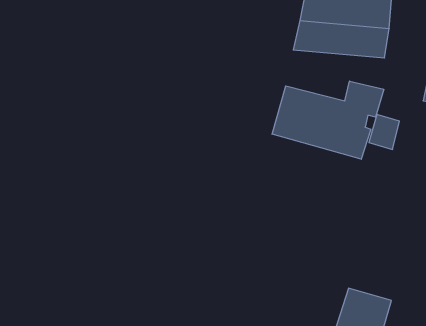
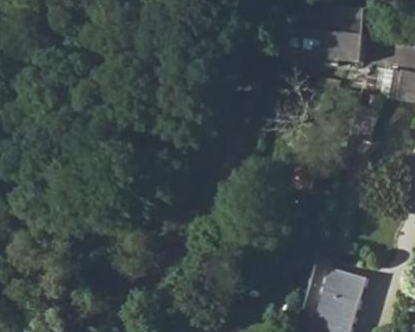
building: [272,81,384,159] -> none

